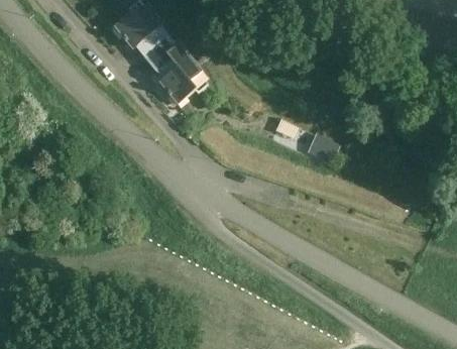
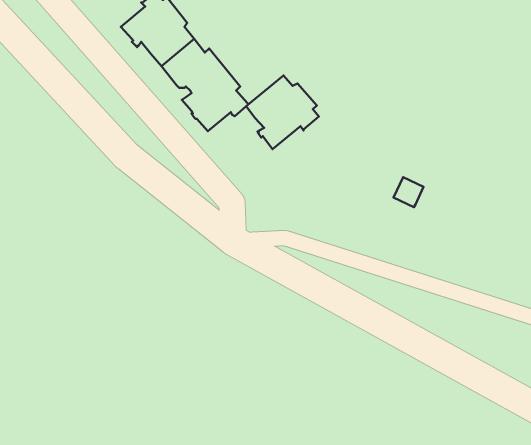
building: none -> [246,76,319,149]

